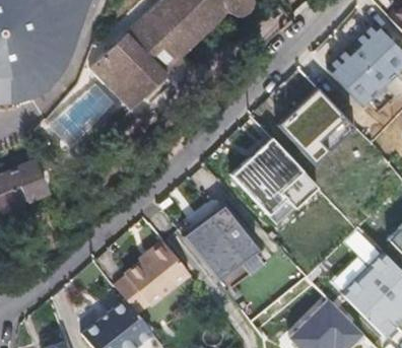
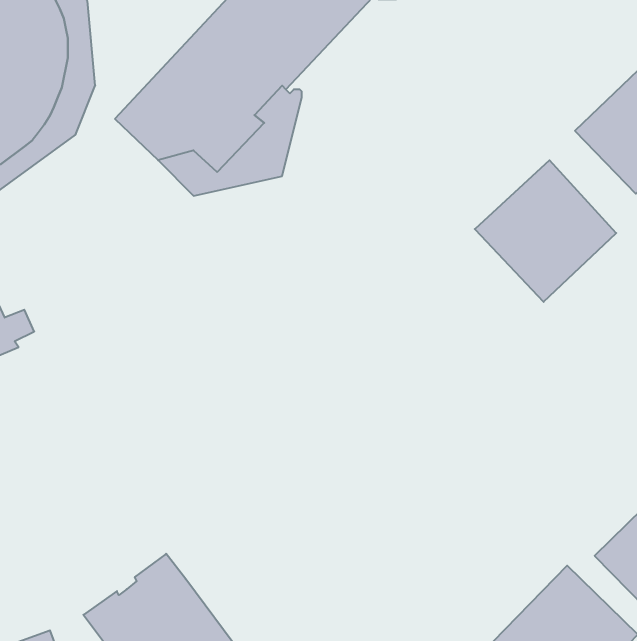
building: [232,140,318,226] -> none
building: [185,207,260,282] -> none
building: [110,235,185,306] -> none

